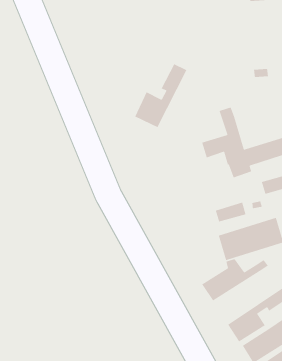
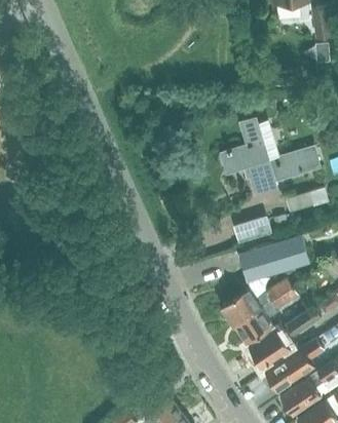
building: [134,63,187,128] -> none
building: none -> [234,287,299,345]

